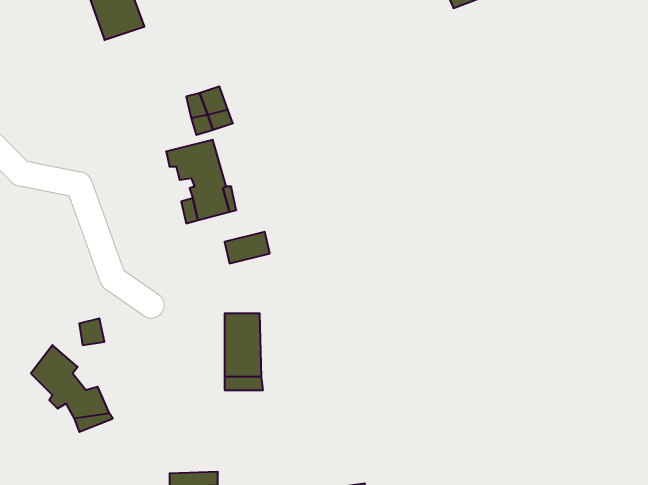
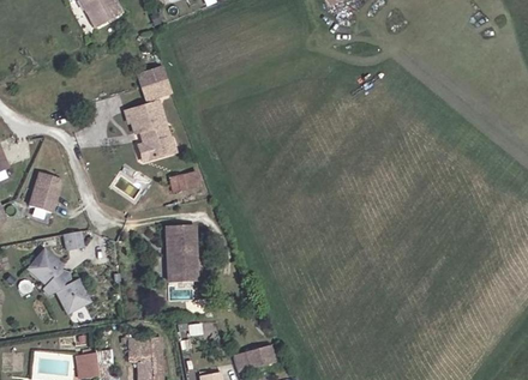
building: none -> [26,171,59,211]

